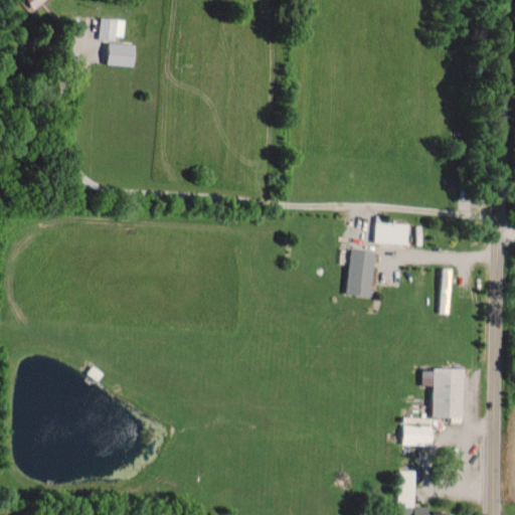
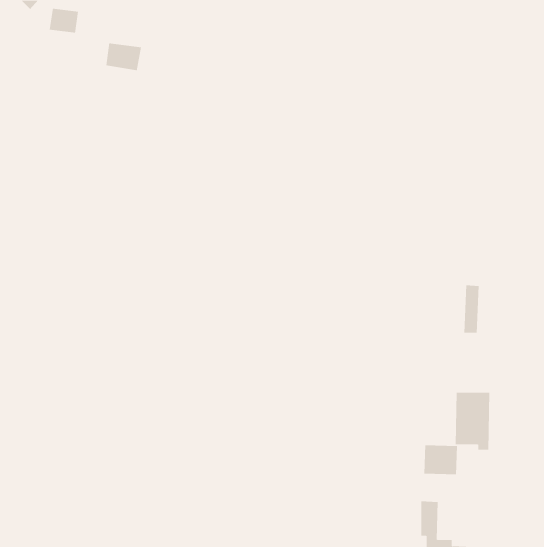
building: [99,18,127,41] -> [49,8,79,33]
building: [374,223,409,245] -> none
building: [345,249,374,298] -> none

